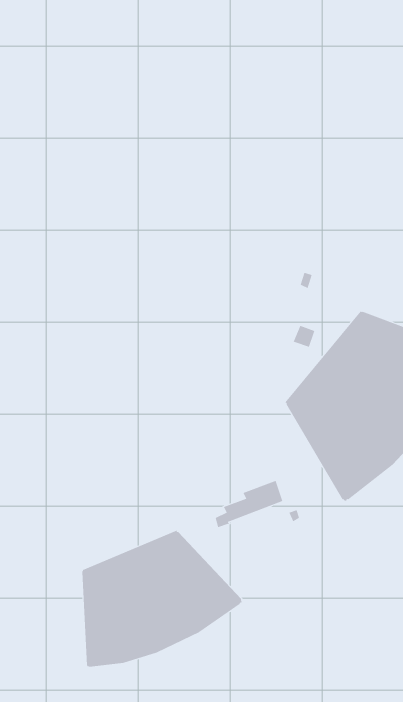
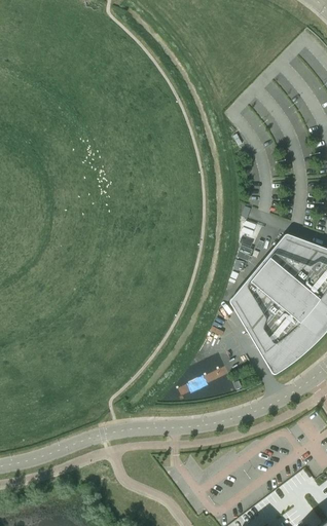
building: [82,530,242,667] -> none

